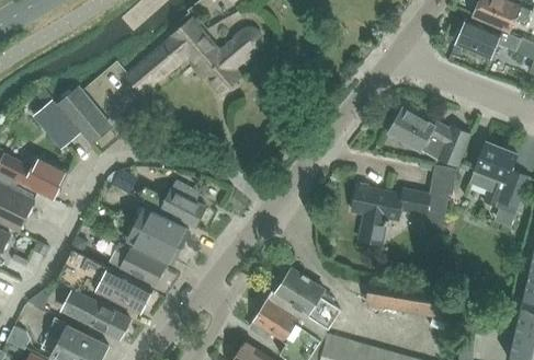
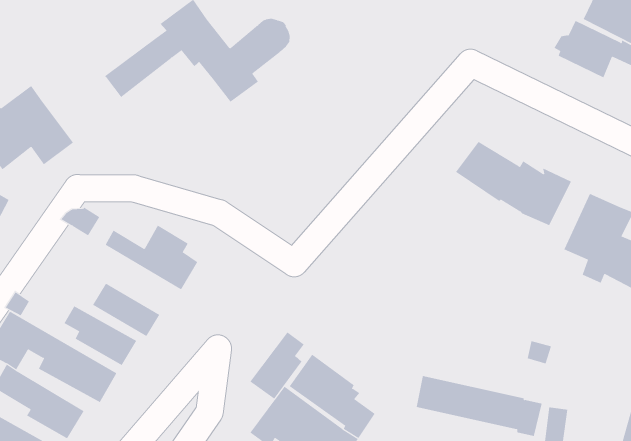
building: [351,164,455,244] -> none
building: [139,209,189,246] -> none
building: none -> [249,332,305,399]

